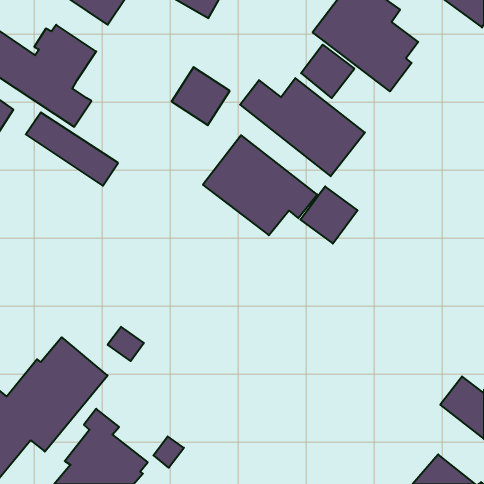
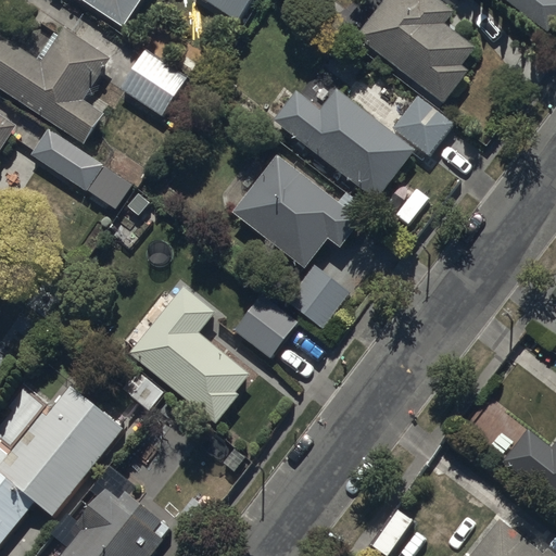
building: [301,45,354,98] -> [393,94,454,155]
building: [172,67,230,125] -> [119,50,186,116]
building: [300,186,358,244] -> [286,265,351,330]
building: none -> [121,286,251,424]
building: none -> [233,295,298,358]

